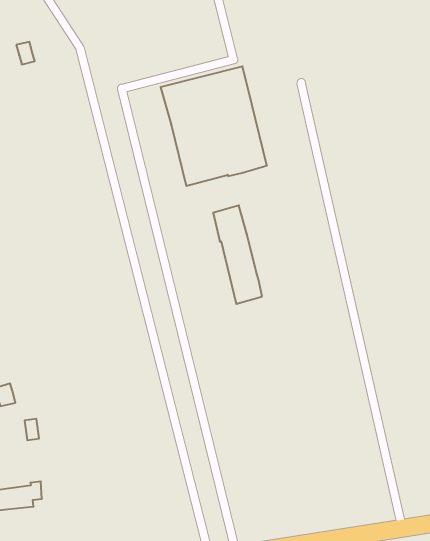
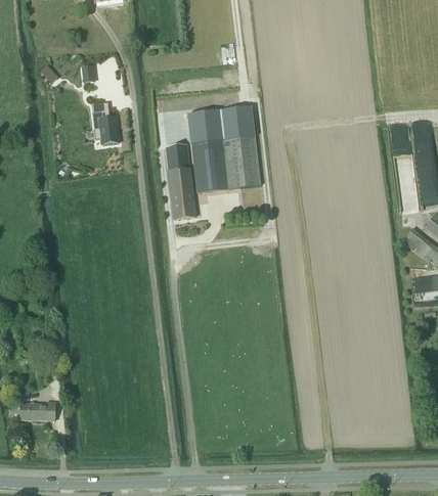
building: none -> [91,102,119,144]
building: [213,205,262,304] -> [166,144,194,219]

